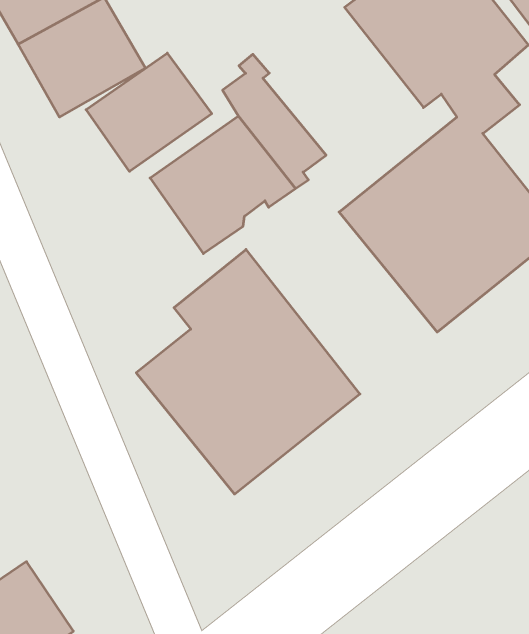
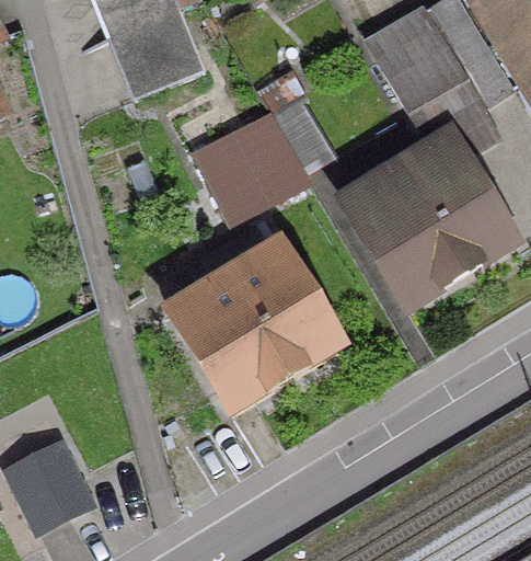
building: [86,53,212,171] -> none

